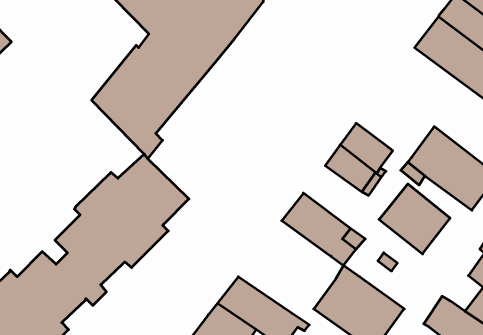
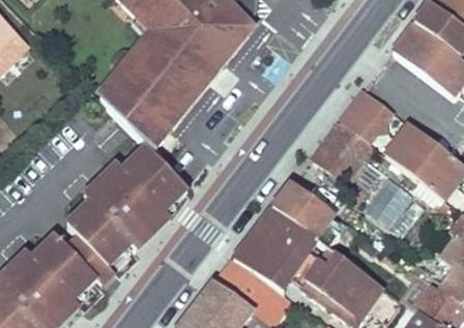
building: none -> [340,88,393,141]
building: none -> [233,207,317,291]

